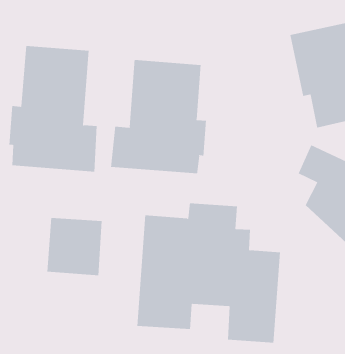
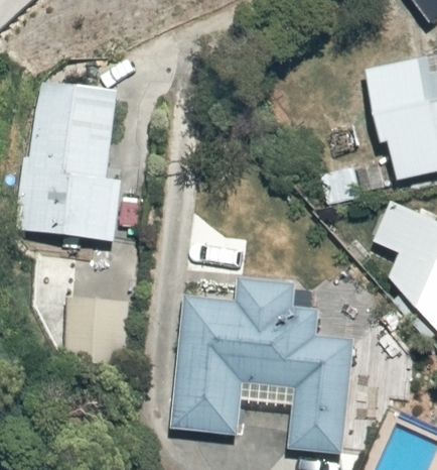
building: [111,59,206,174] -> none

